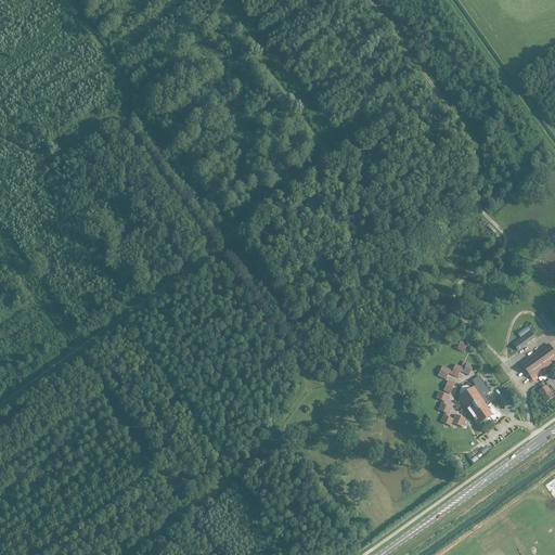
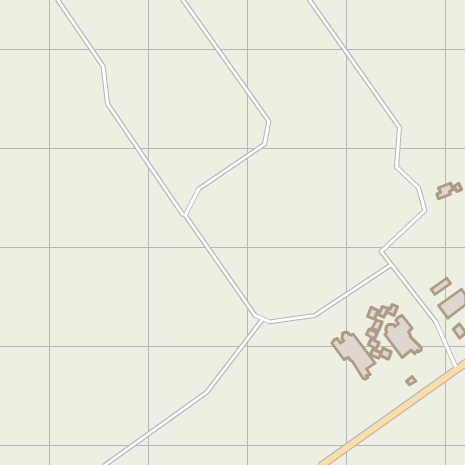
building: none -> [332,332,375,379]

